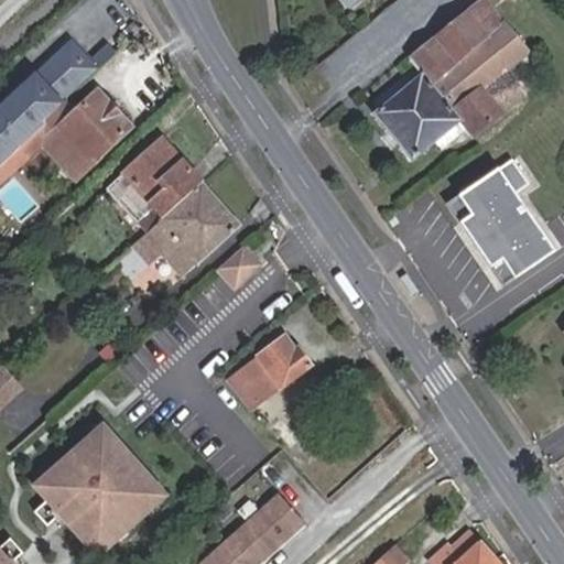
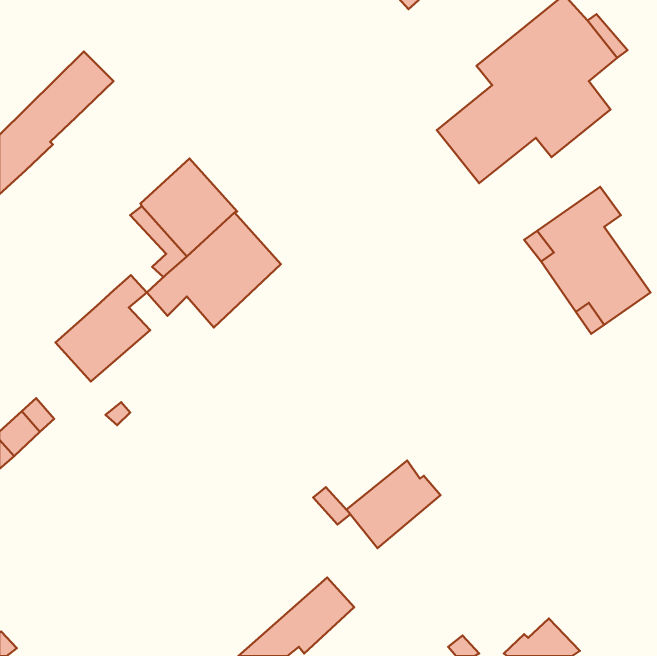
building: [22,90,133,182] -> none
building: none -> [55,275,150,382]
building: [215,240,263,288] -> none
building: [231,333,312,408] -> [346,460,441,548]
building: [32,431,158,556] -> none

